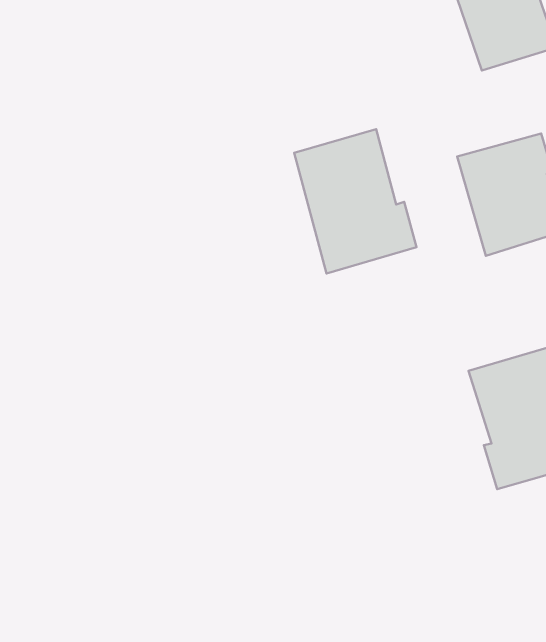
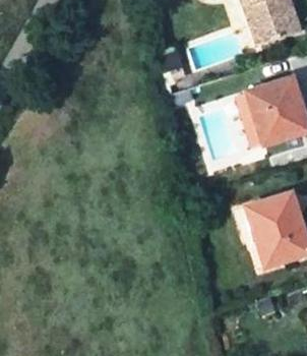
building: [294,129,417,274] -> none

